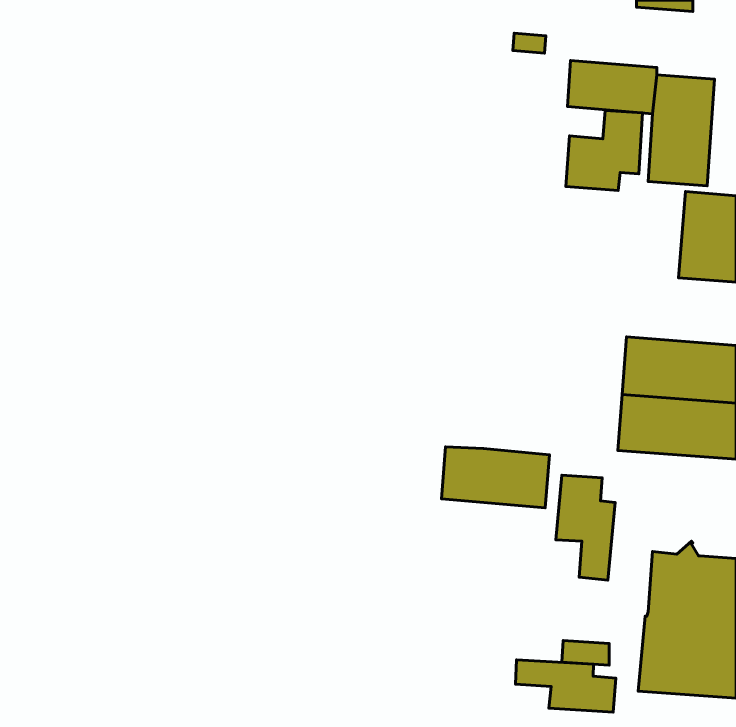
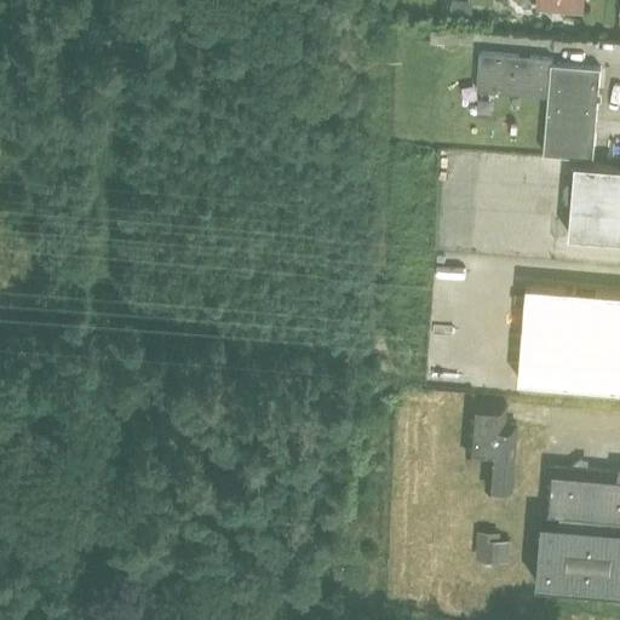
building: [566,111,643,190] -> none
building: [441,447,549,508] -> none
building: [515,660,616,712] -> none

